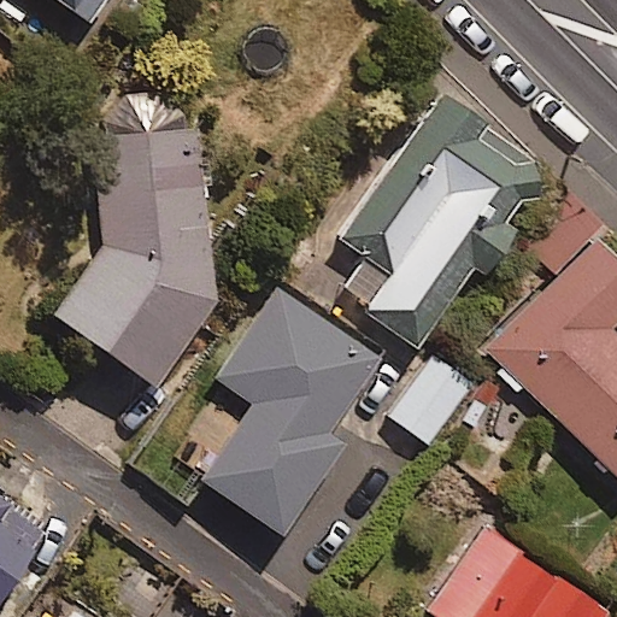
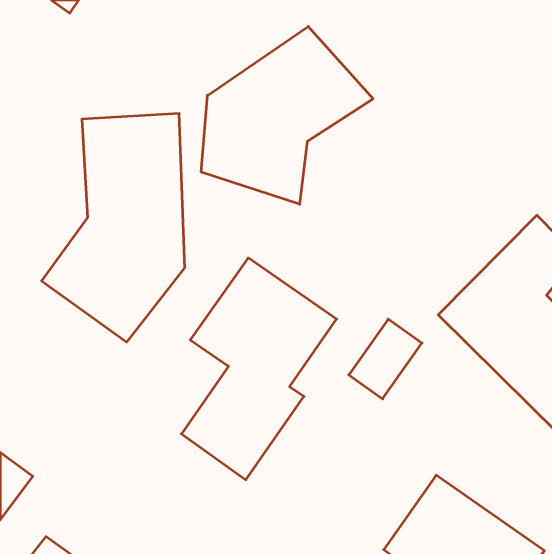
building: none -> [201,26,373,204]
building: [339,95,543,347] -> none

